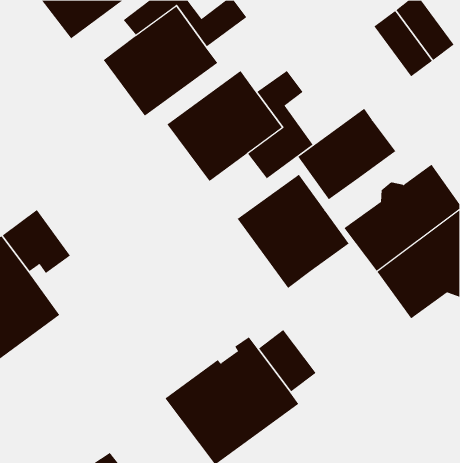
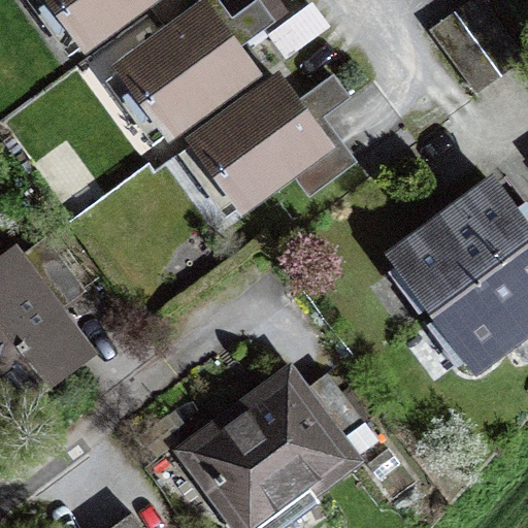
building: [298,108,396,200] -> none
building: [237,174,349,289] -> none

